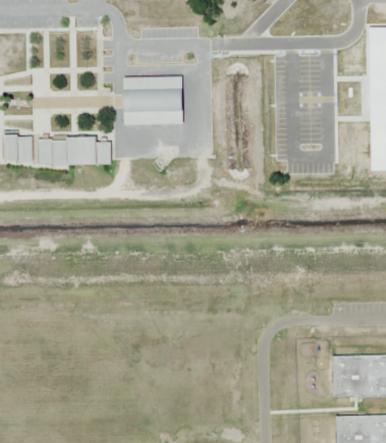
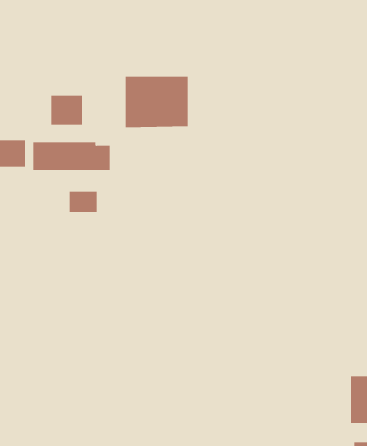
building: none -> [51,95,82,126]
building: none -> [69,191,97,213]

